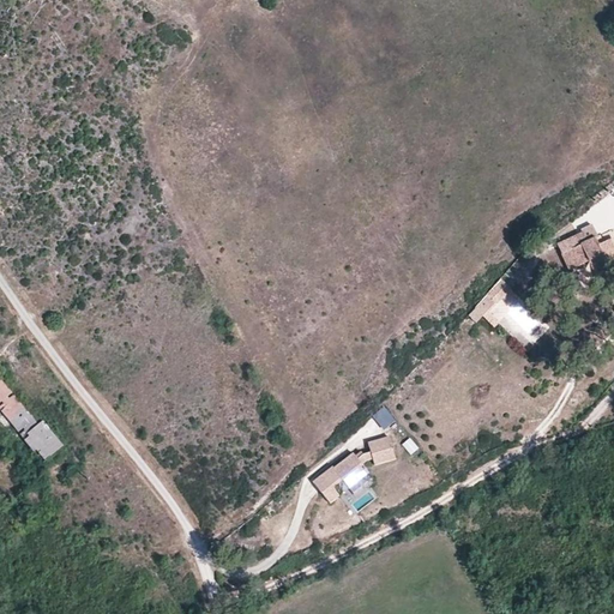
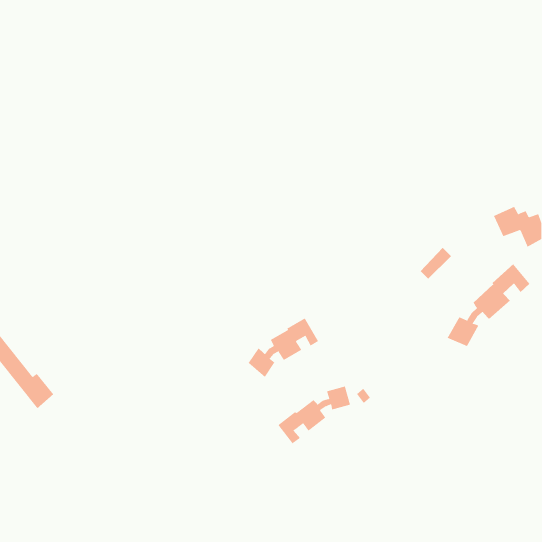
building: none -> [447,264,530,347]
building: none -> [248,318,319,378]

